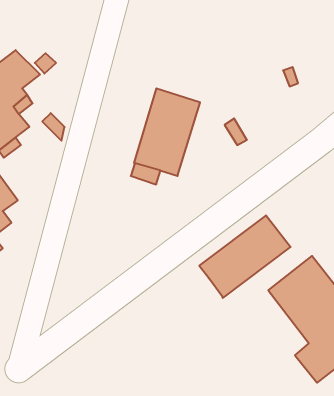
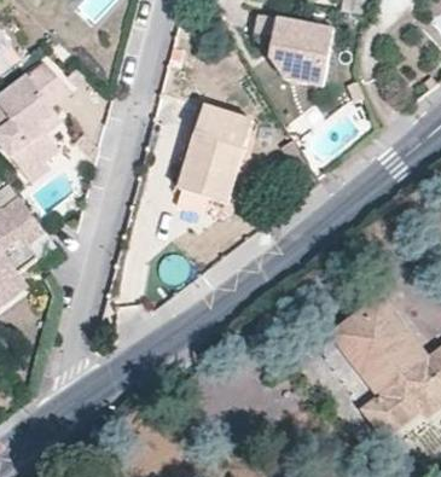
building: none -> [253,13,332,86]
building: [199,215,291,298] -> none

